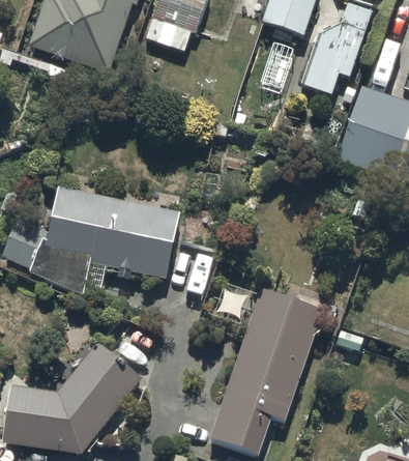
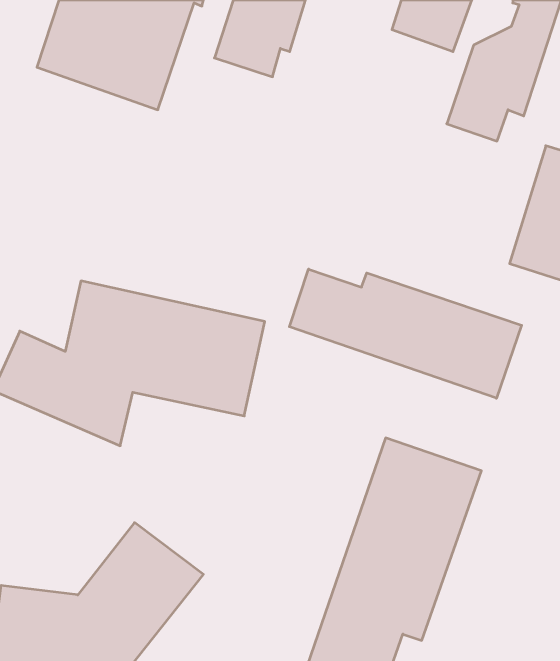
building: none -> [289,269,522,398]

